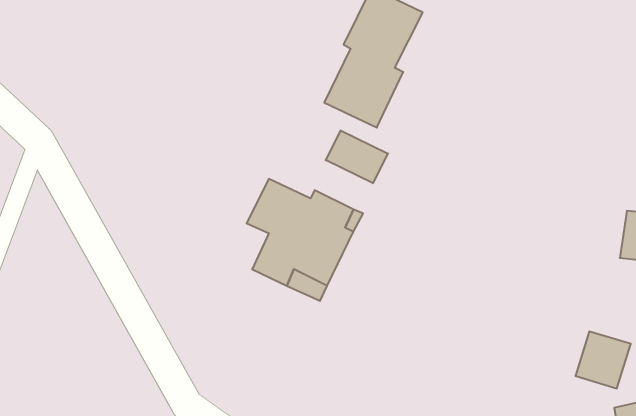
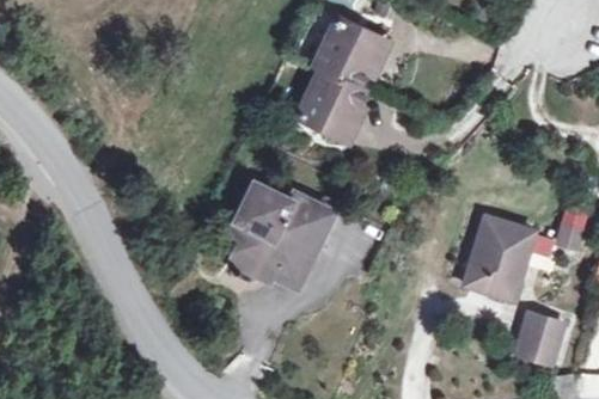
building: [326,130,388,183] -> none
building: none -> [465,217,533,295]

